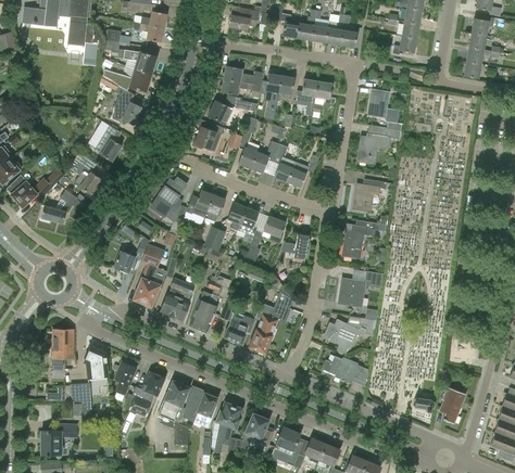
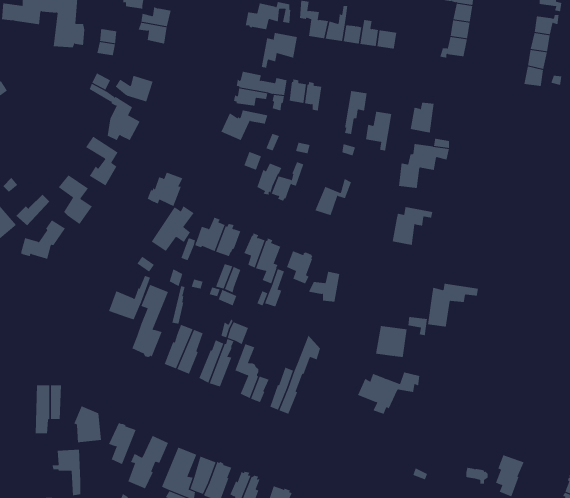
building: none -> [261,32,298,68]
building: [123,50,155,74] -> none
building: [294,79,317,113] -> [365,111,392,151]
building: [191,123,222,152] -> [147,172,183,207]
building: [272,143,296,182] -> none
building: [342,220,386,257] -> [427,283,479,327]
building: [322,356,368,386] -> none

